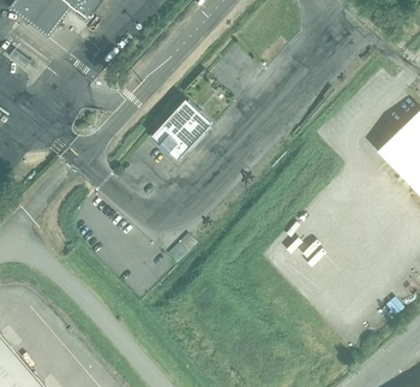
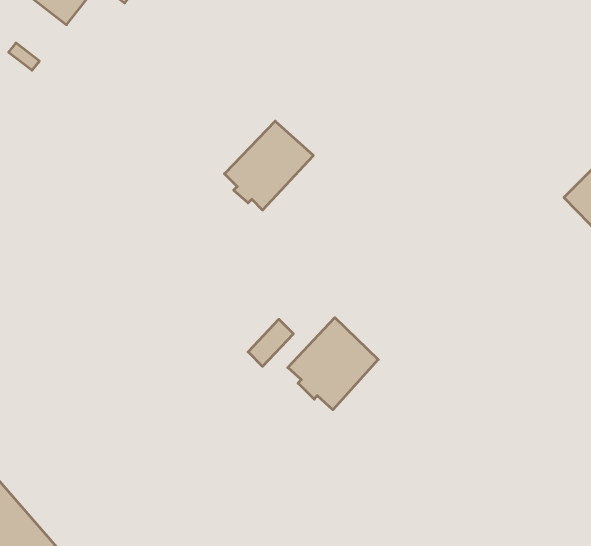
building: none -> [288,318,378,410]

